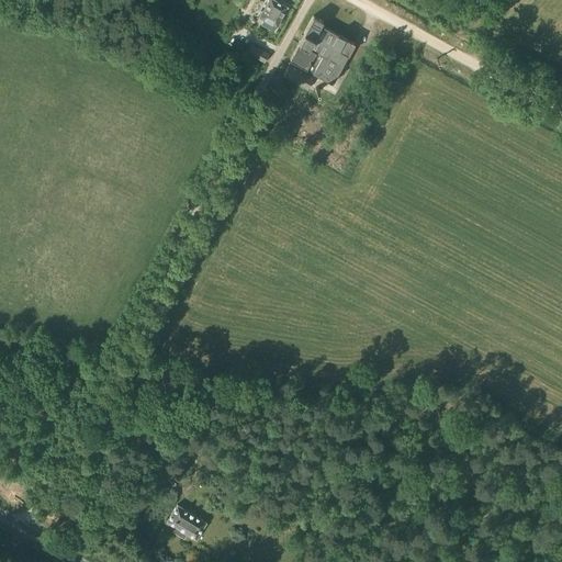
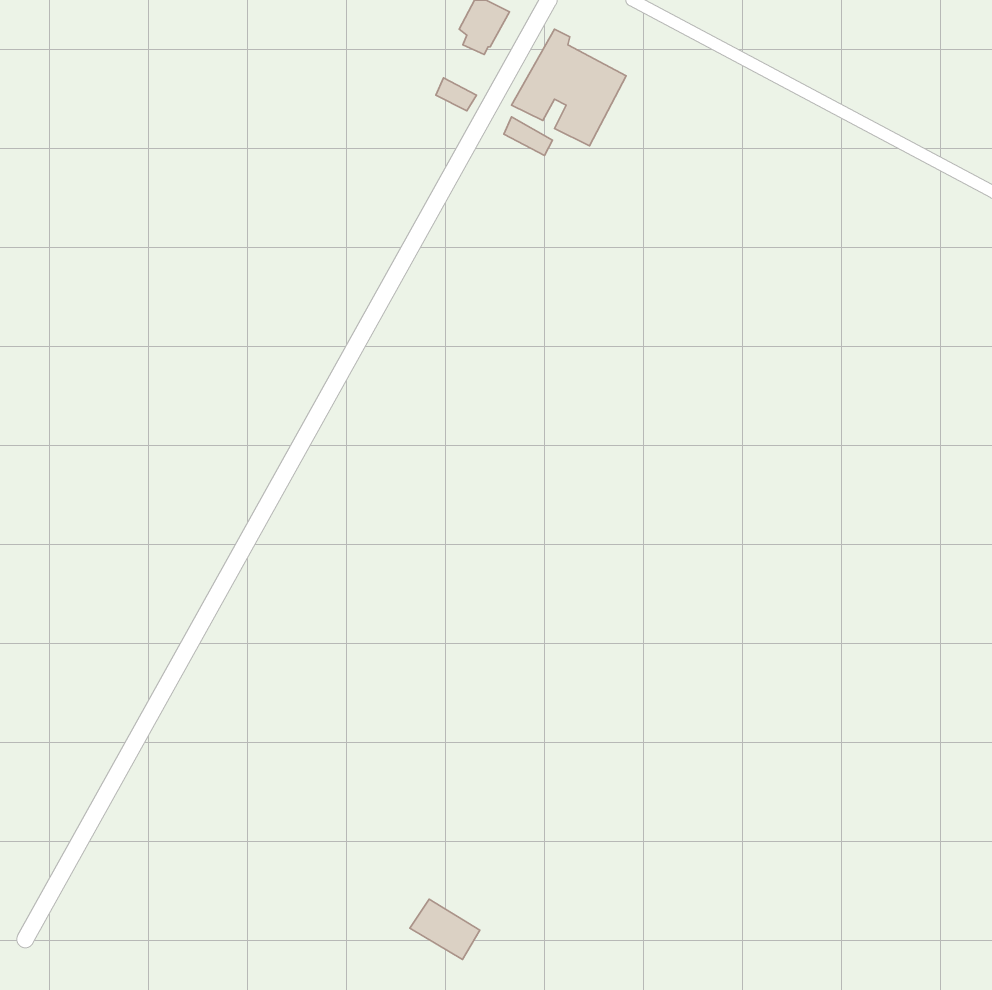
building: [167,507,206,541] -> [410,899,480,959]

